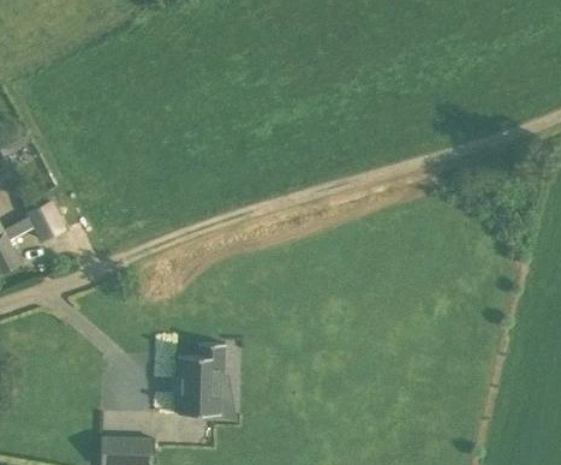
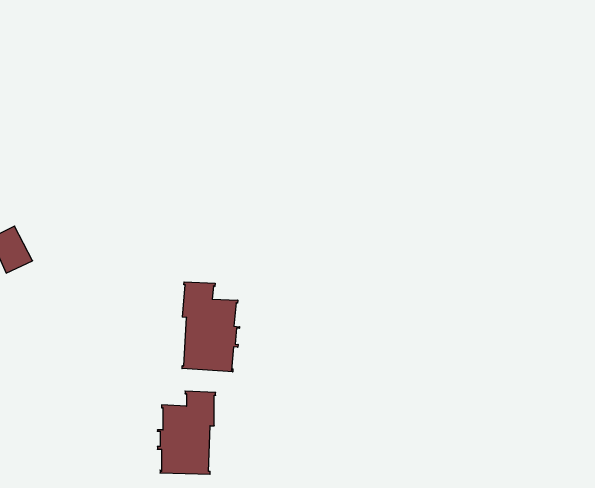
building: none -> [182,282,240,372]

